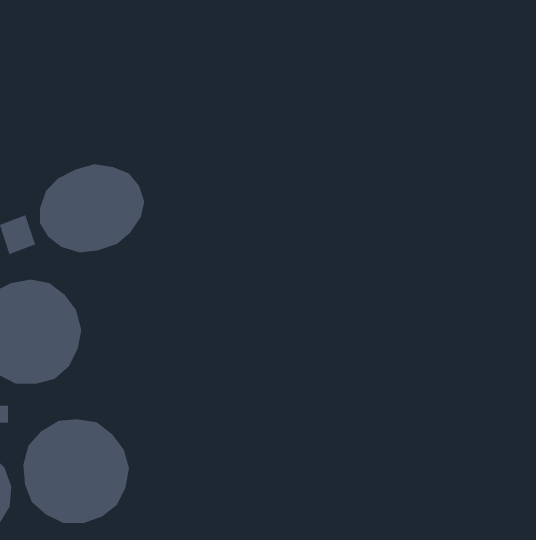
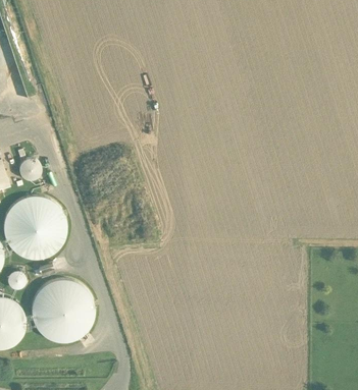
building: [39,164,145,253] -> none

